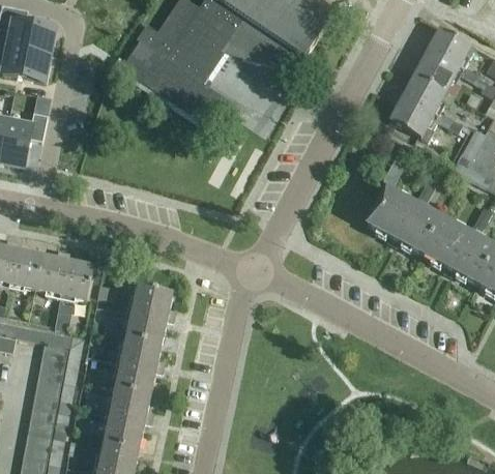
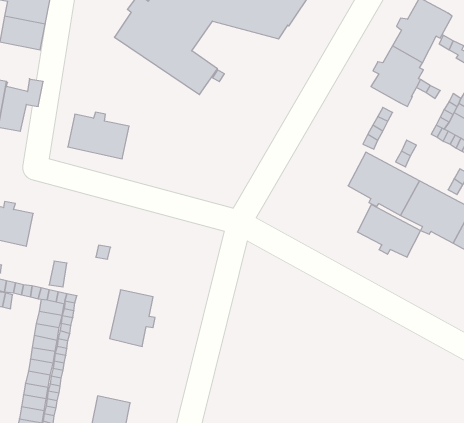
building: none -> [357,205,421,257]
building: [30,249,94,298] -> [68,112,129,159]
building: [128,286,175,338] -> none
building: [105,382,153,449] -> none

